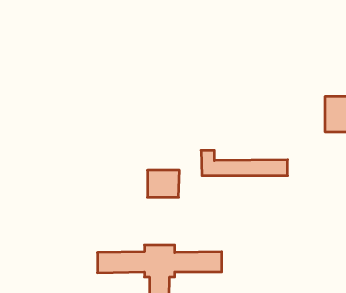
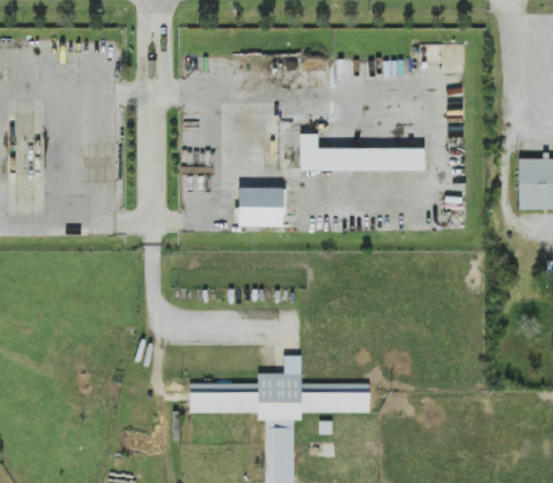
building: [201,150,288,176] -> [300,133,424,170]
building: [147,170,179,197] -> [239,187,285,226]

